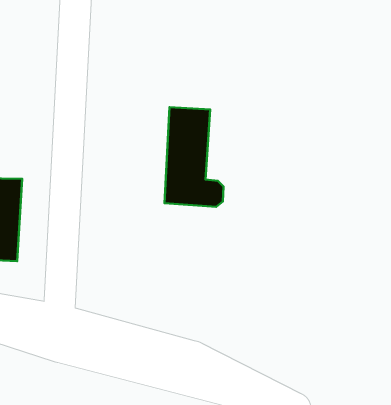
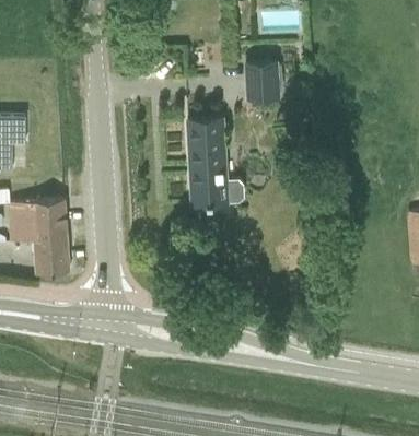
building: none -> [249,62,278,95]

